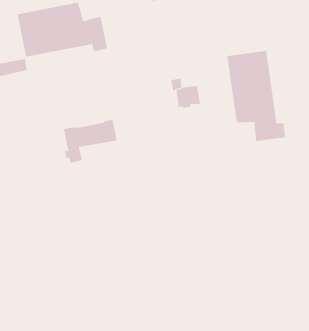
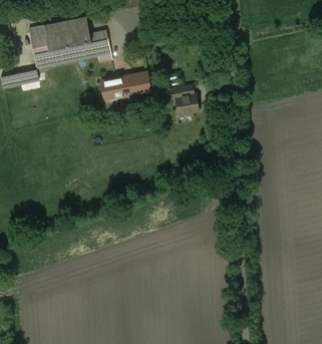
building: [227,50,286,142] -> none
building: [63,119,117,164] -> [100,70,150,111]

